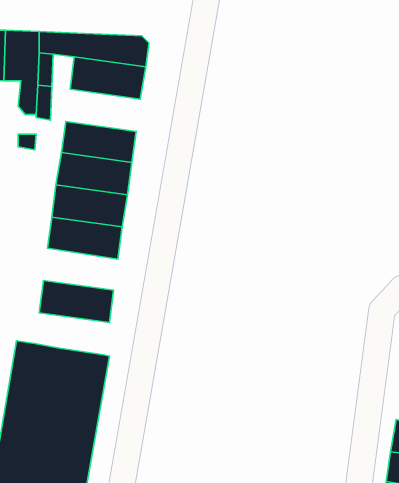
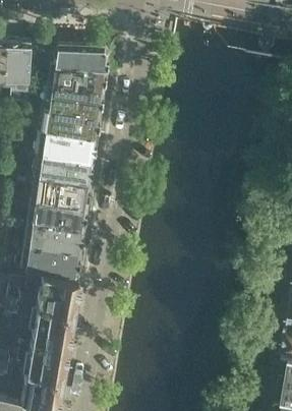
building: none -> [49,90,103,120]
building: none -> [33,204,86,235]
building: none -> [26,251,80,282]

